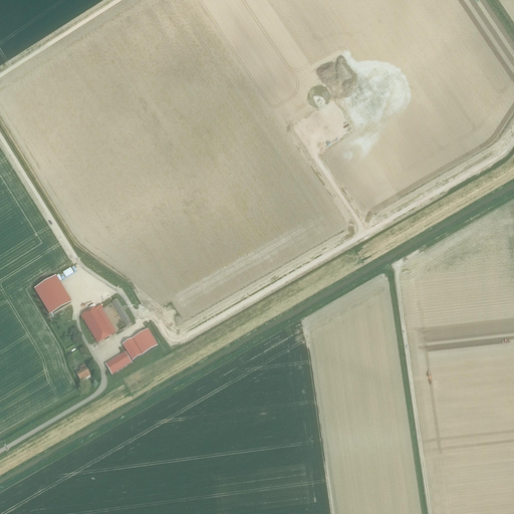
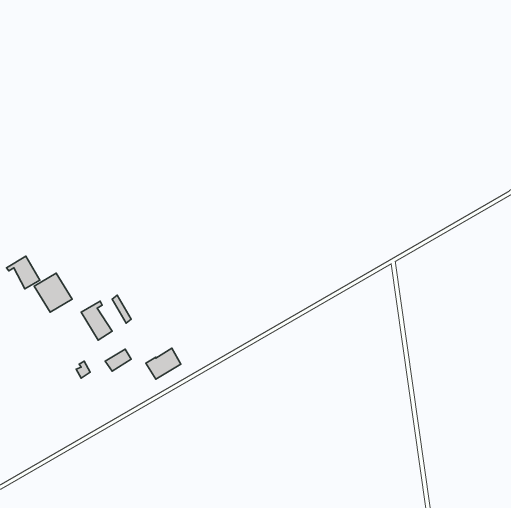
building: none -> [7,256,40,289]
building: [122,327,158,358] -> [146,348,181,379]

